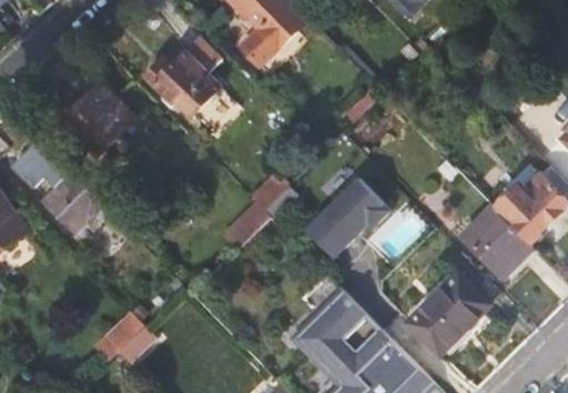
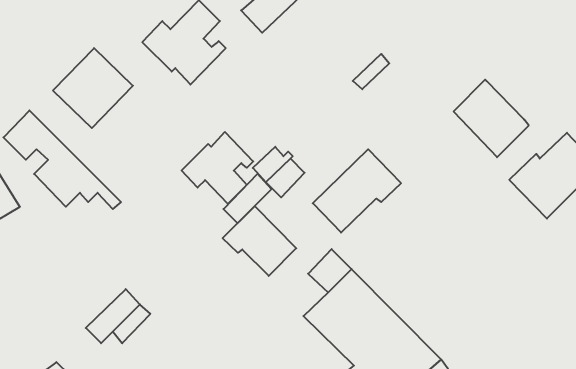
building: none -> [182,132,253,204]
building: [460,205,531,279] -> [454,80,529,157]
building: none -> [223,206,296,276]
building: [407,271,491,355] -> none

